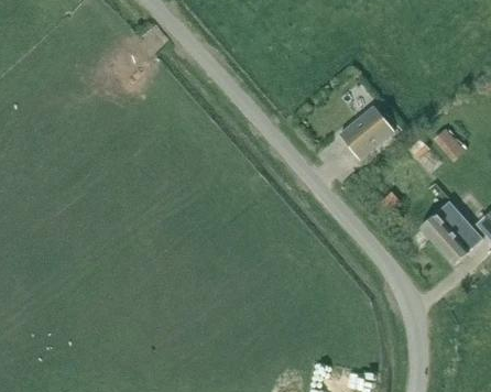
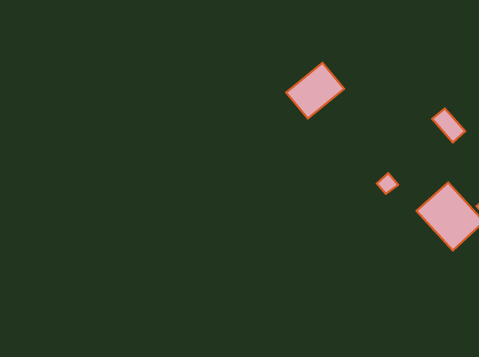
building: [338,106,394,160] -> [286,63,344,119]

